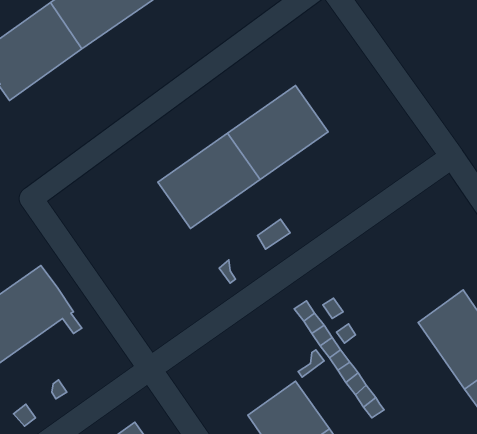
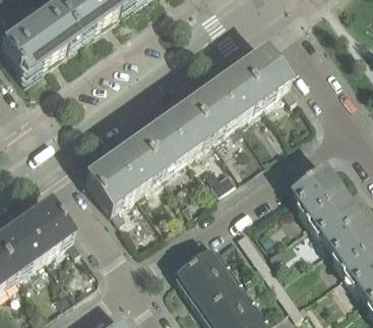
building: none -> [237,46,294,99]
building: none -> [83,136,159,217]
building: none -> [293,167,362,241]
building: none -> [176,249,237,311]

